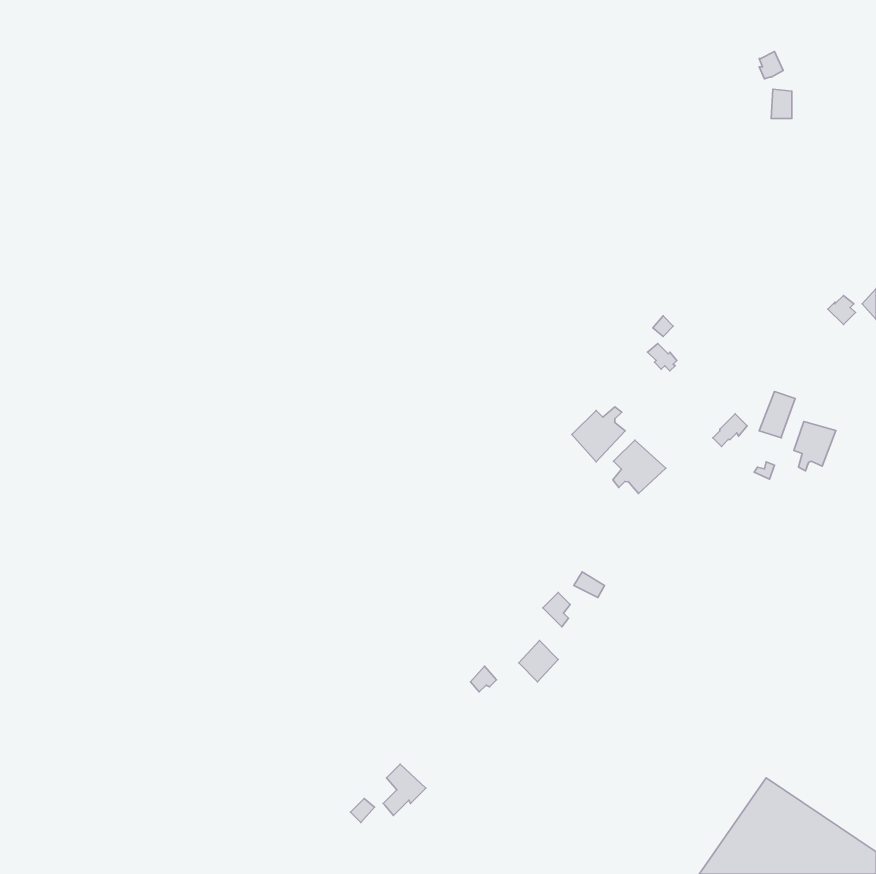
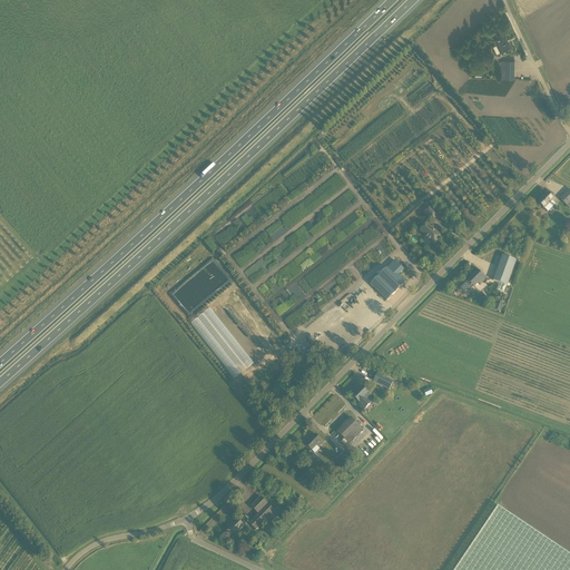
building: [794,422,836,471] -> none
building: [613,440,666,494] -> none

